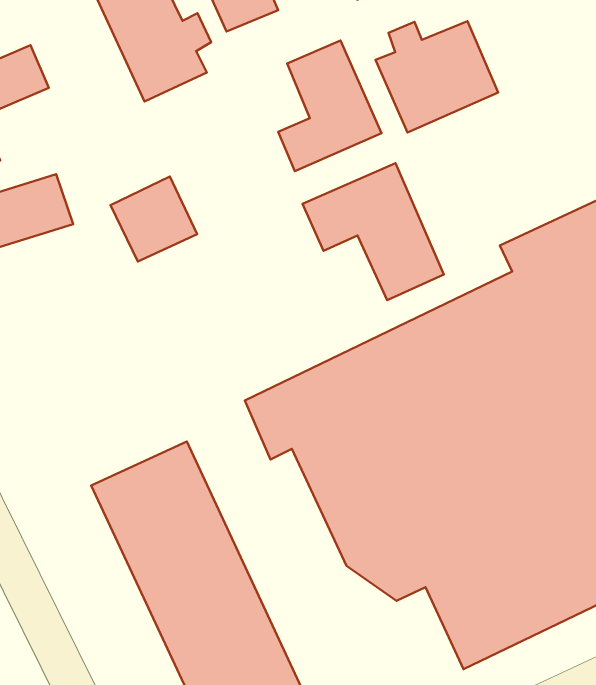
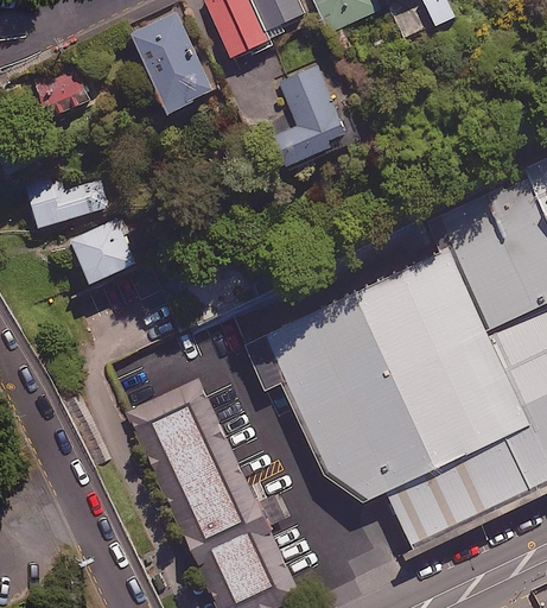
building: [375,21,498,133] -> none
building: [302,163,444,300] -> none
building: [111,176,197,261] -> [71,217,139,284]

